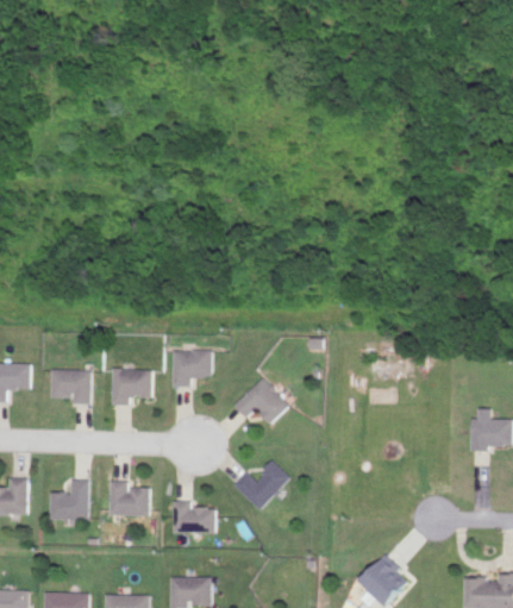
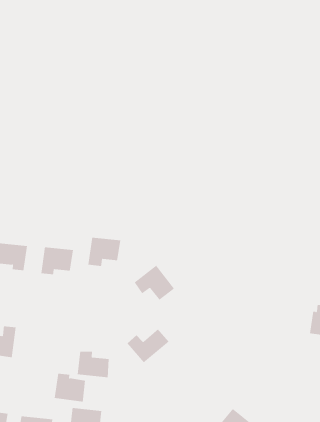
building: [108,482,148,516] -> [54,373,86,402]

